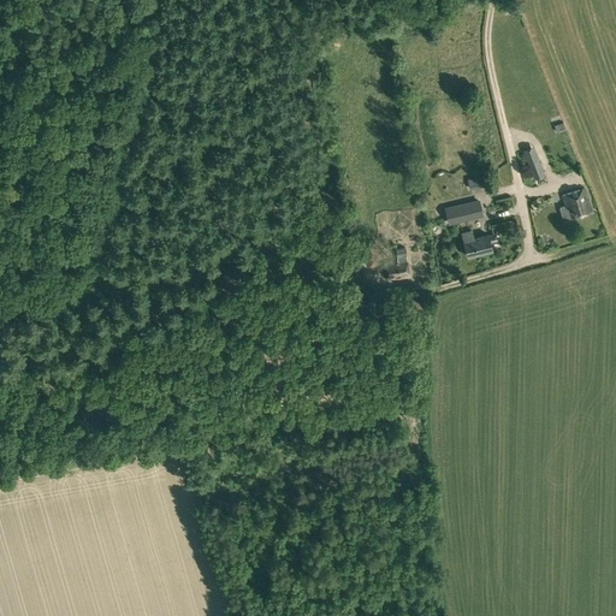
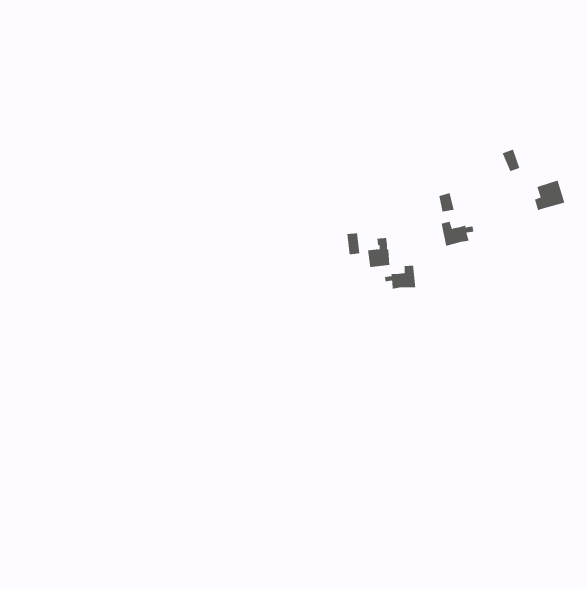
building: none -> [384,265,416,289]

